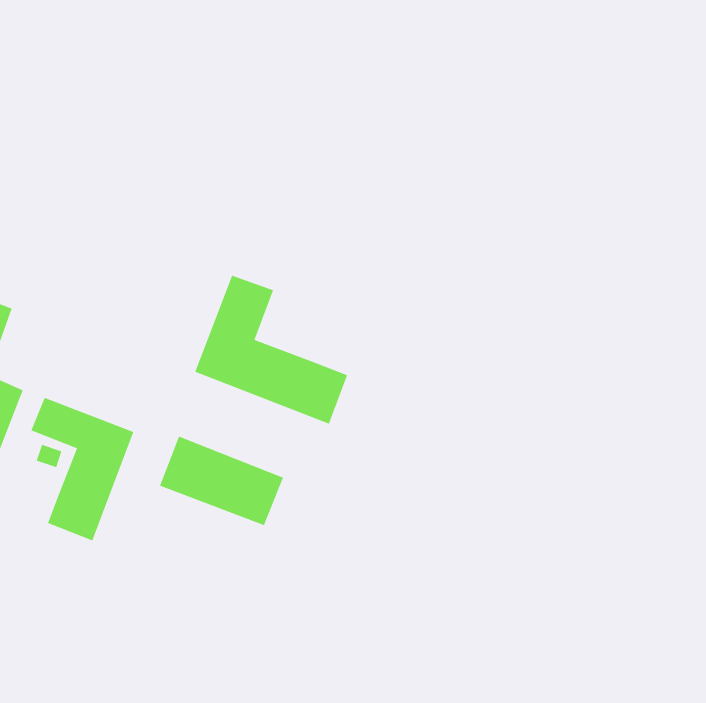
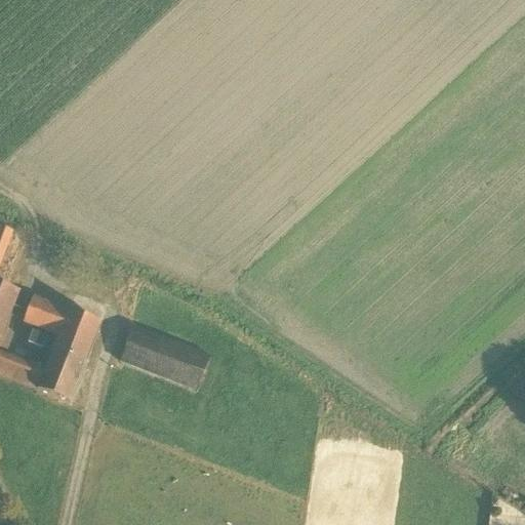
building: [195,275,348,425] -> none

